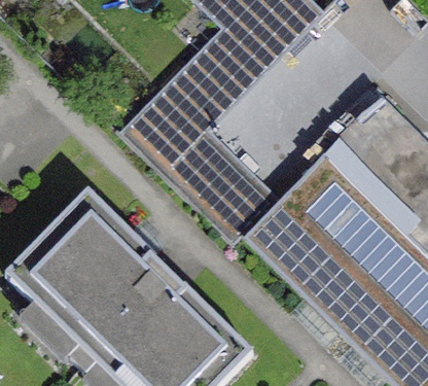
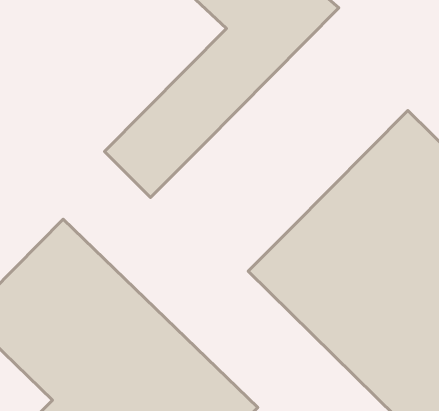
building: [162,126,281,243] -> none

